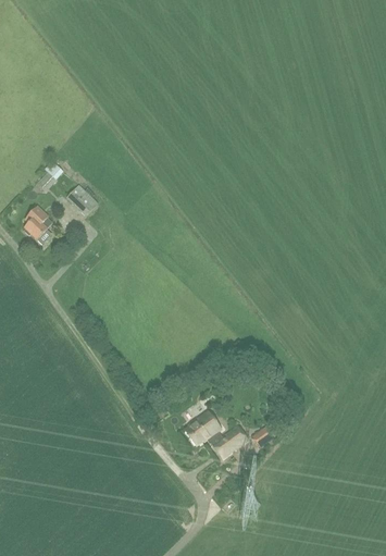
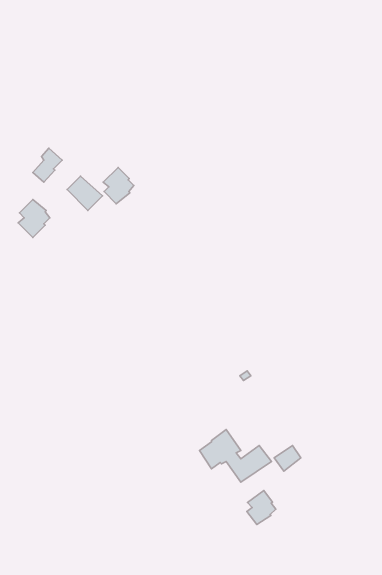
building: none -> [103,167,134,204]
building: none -> [247,490,276,524]

